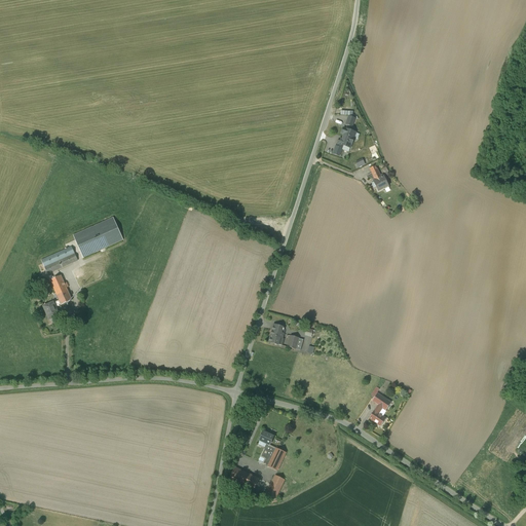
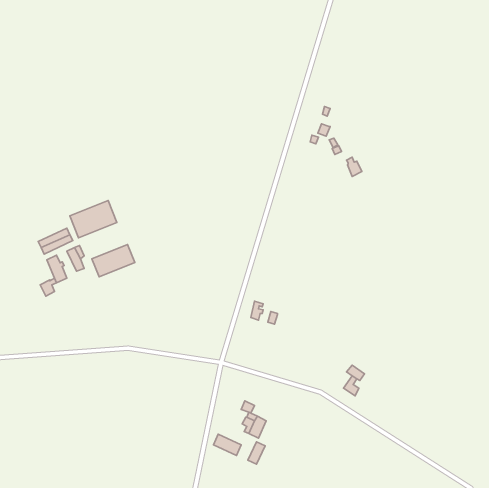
building: none -> [92,245,135,277]

